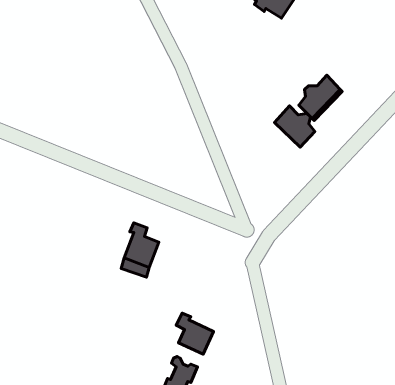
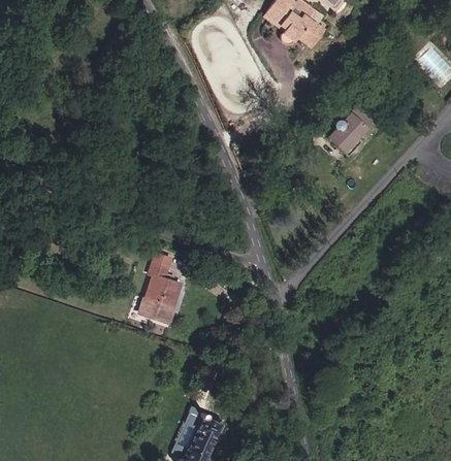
building: [275,106,315,147] -> none
building: [176,313,214,354] -> none

